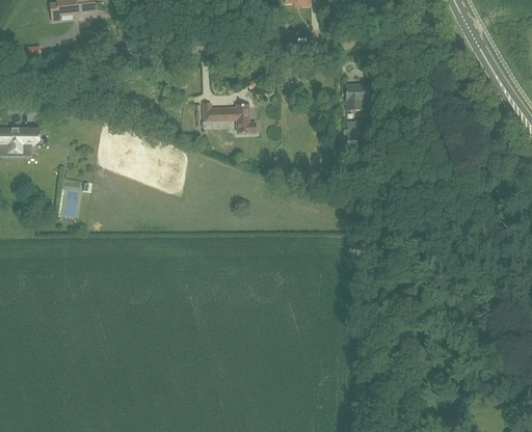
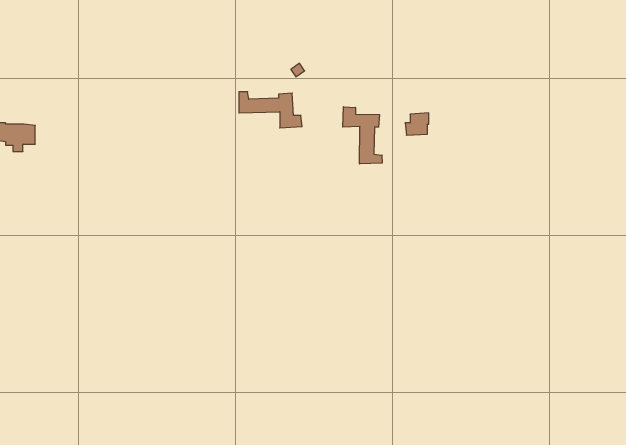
building: [346,82,369,108] -> none
building: none -> [343,107,382,164]

